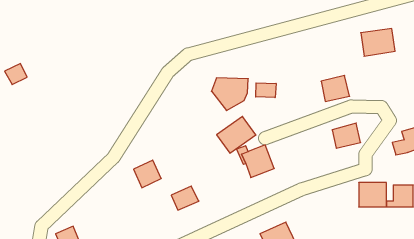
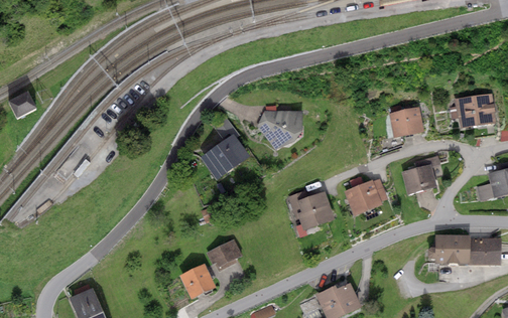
building: [361,29,395,56] -> [455,95,496,128]
building: [256,83,276,98] -> none
building: [217,116,256,153] -> [202,136,249,180]
building: none -> [345,179,382,215]
building: [134,160,161,188] -> [181,266,215,299]

